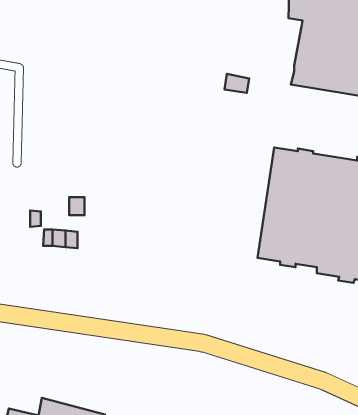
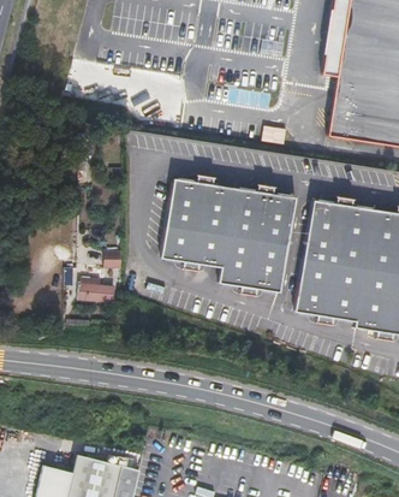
building: none -> [161,177,296,291]

